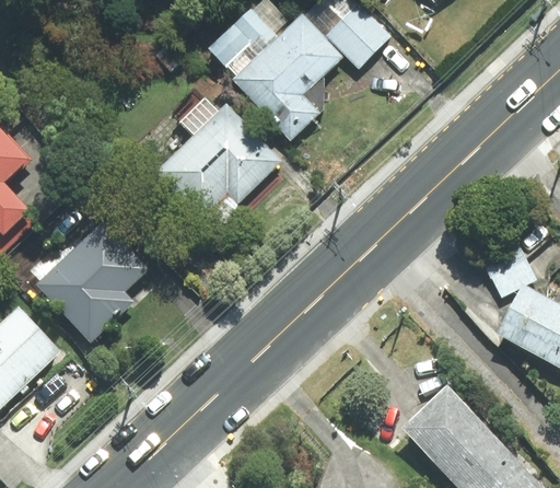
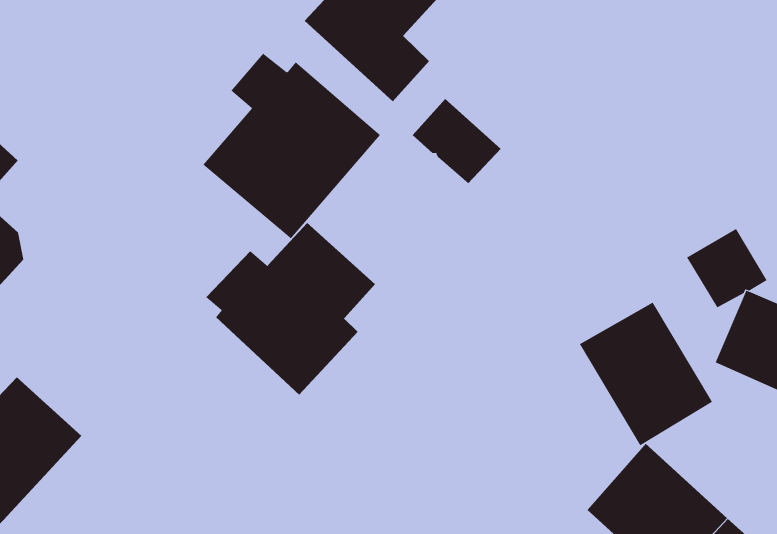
building: none -> [412,98,502,184]
building: [32,223,149,341] -> [206,222,376,396]
building: none -> [579,302,713,446]

